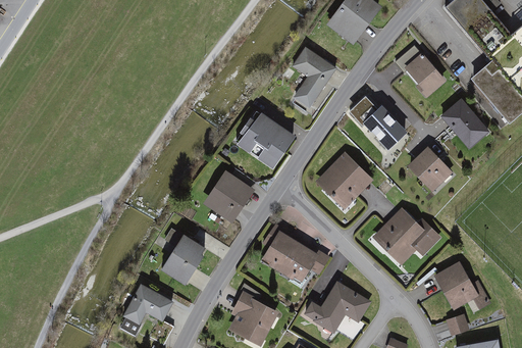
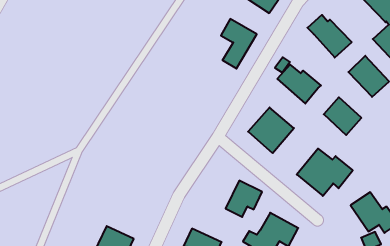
building: [237,112,294,166] -> none
building: [202,168,252,219] -> none
building: [262,225,303,272] -> none
building: [159,233,206,283] -> none

